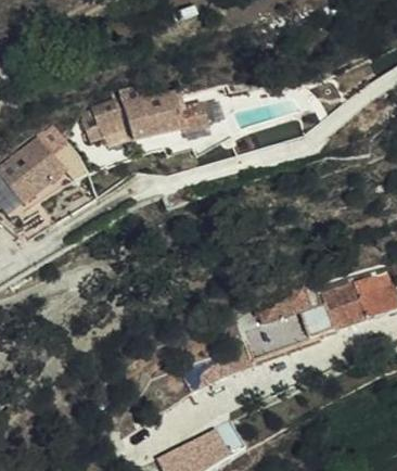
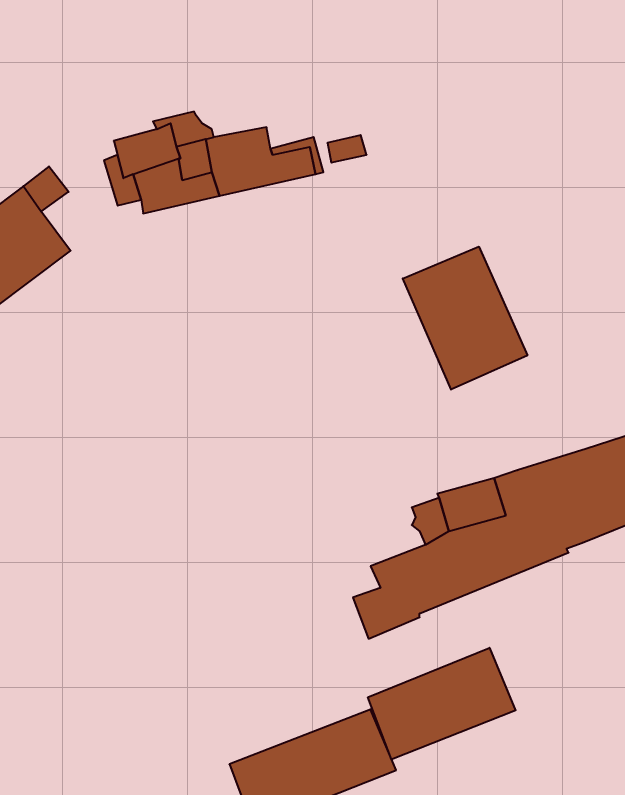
building: none -> [403,247,527,390]
building: none -> [368,648,516,760]

